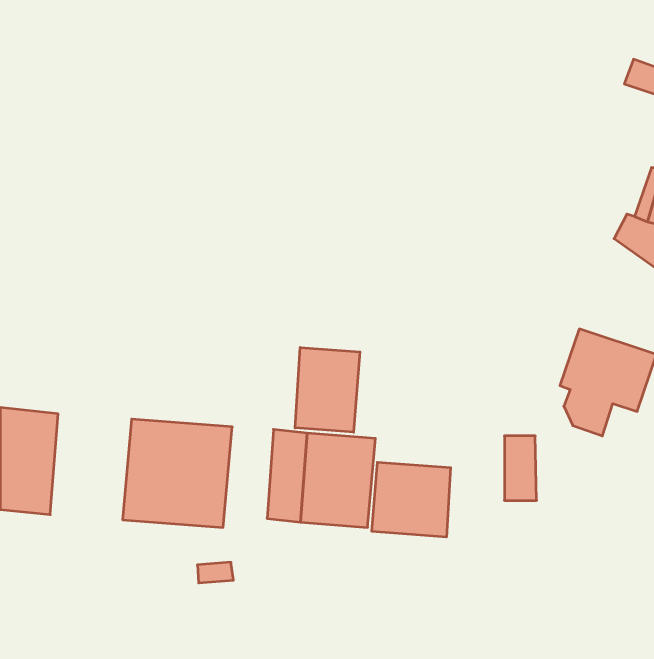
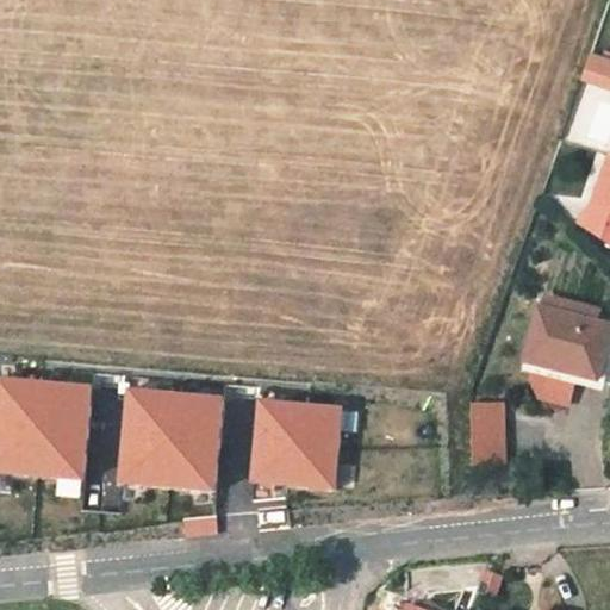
building: [295,347,360,432] -> none
building: none -> [51,382,88,479]
building: [372,462,451,537] -> none

